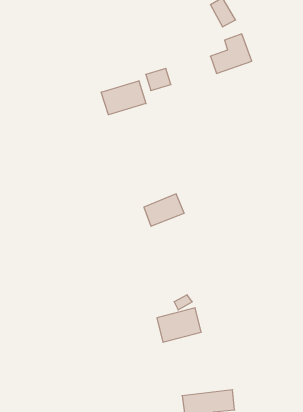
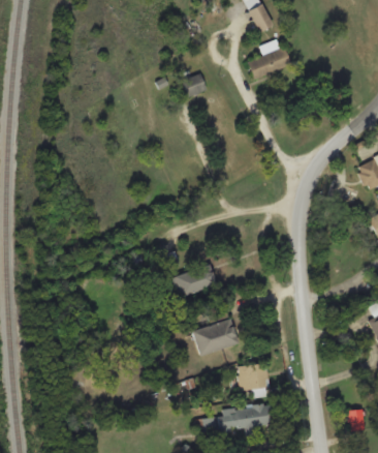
building: [101,81,146,115] -> none
building: [144,194,184,226] -> [175,265,216,298]
building: none -> [247,365,269,396]

